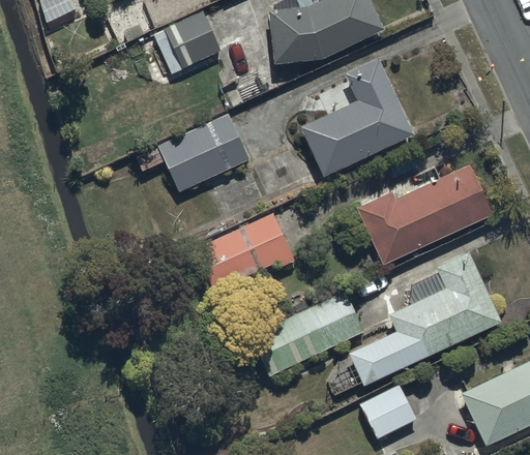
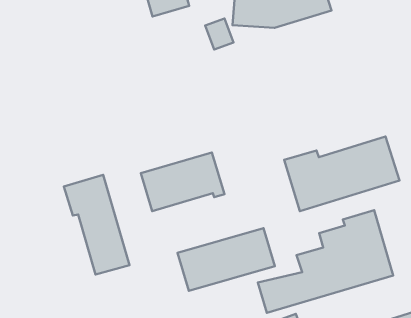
building: [300,60,413,176] -> none
building: [136,114,249,192] -> none
building: none -> [64,175,129,274]

